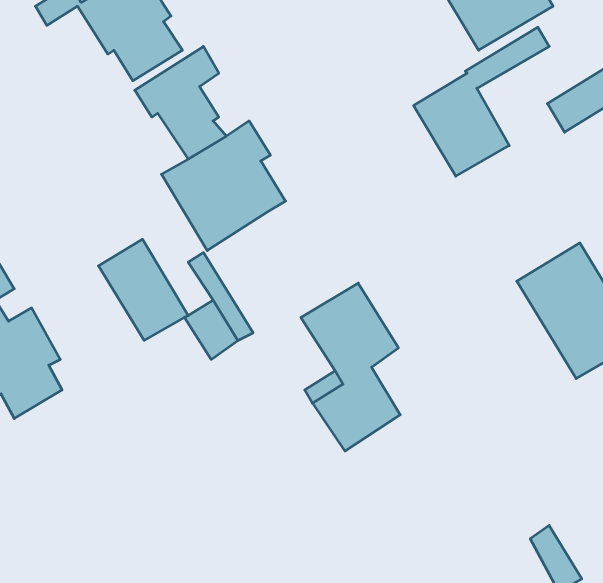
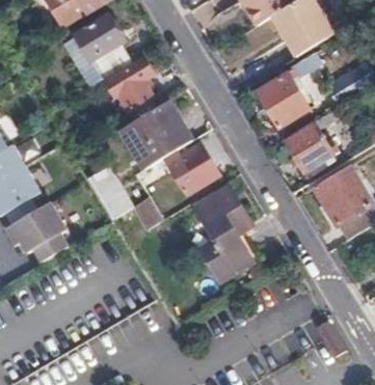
building: none -> [287,109,342,171]
building: none -> [165,144,218,193]

